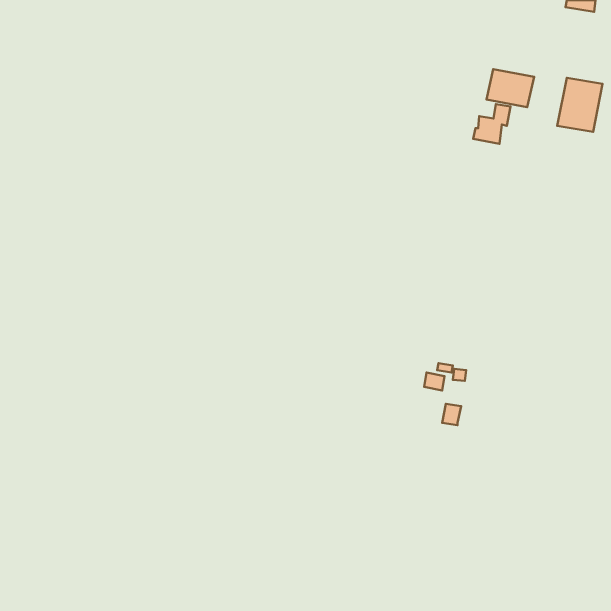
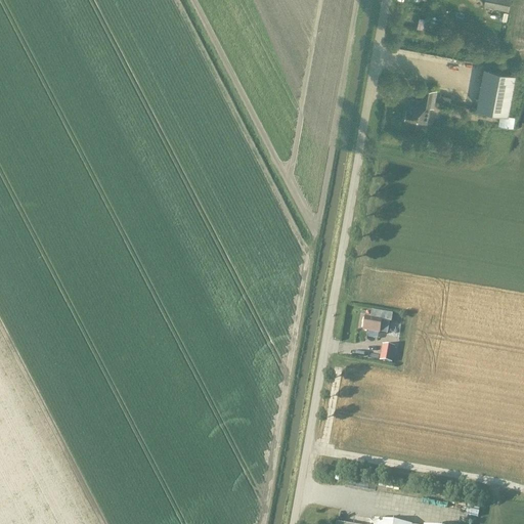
building: [487,69,534,107] -> none

